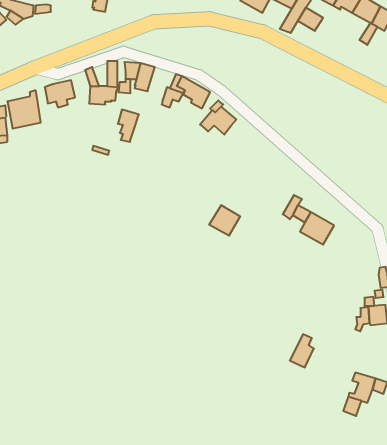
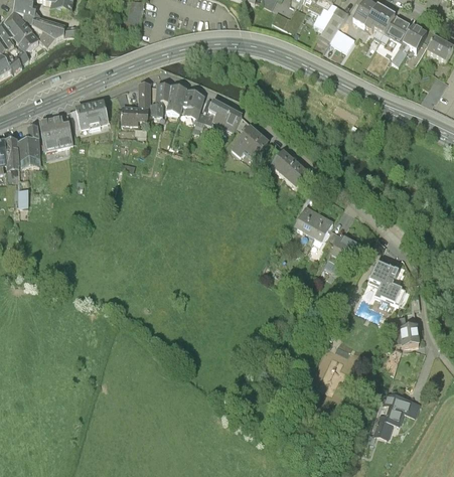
building: [118,110,139,142] -> [182,87,203,119]
building: none -> [271,148,308,183]
building: [209,205,240,236] -> [294,203,325,233]
building: none -> [363,262,403,305]

